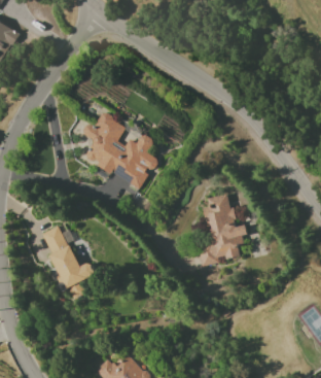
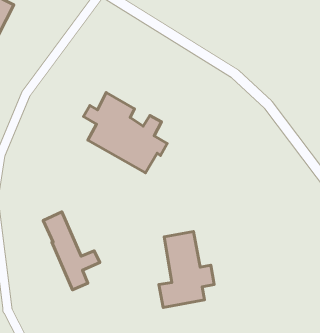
building: [198,193,250,265] -> [159,232,214,307]

